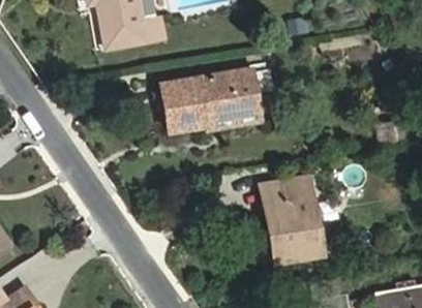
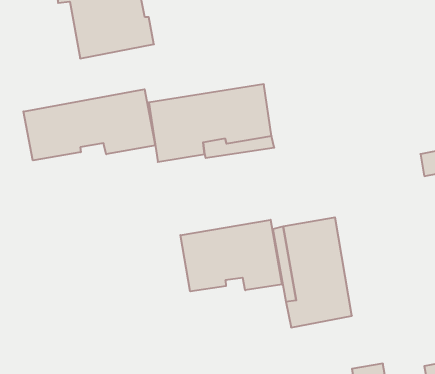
building: none -> [23,89,155,160]
building: none -> [180,220,282,291]

